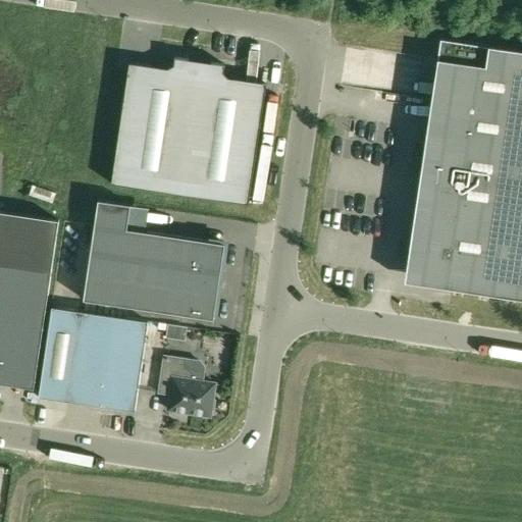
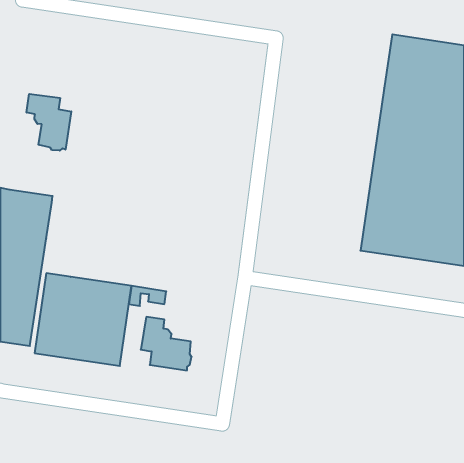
building: [111,58,266,205] -> none
building: none -> [27,94,71,151]
building: [83,201,224,321] -> none

